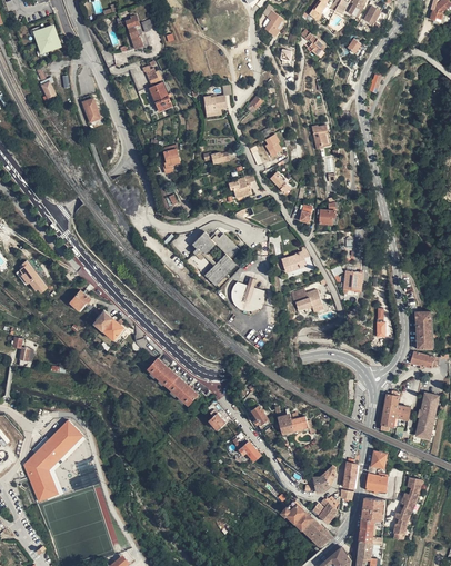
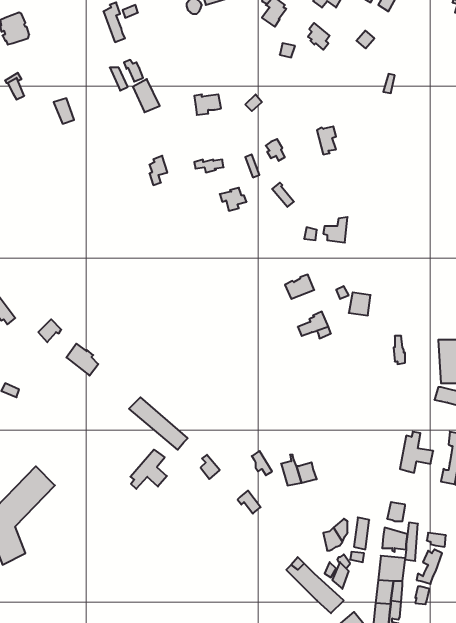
building: [192,232,239,285] -> none
building: [231,277,264,310] -> none
building: none -> [130,450,167,489]

